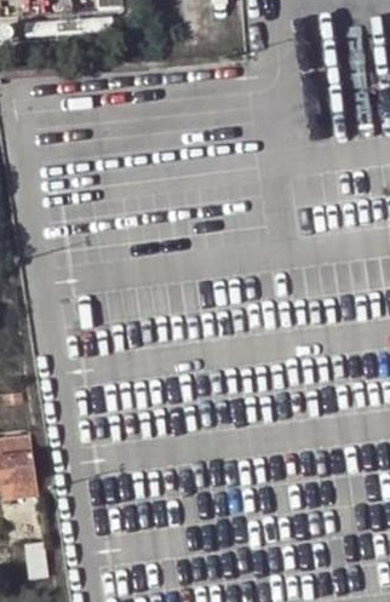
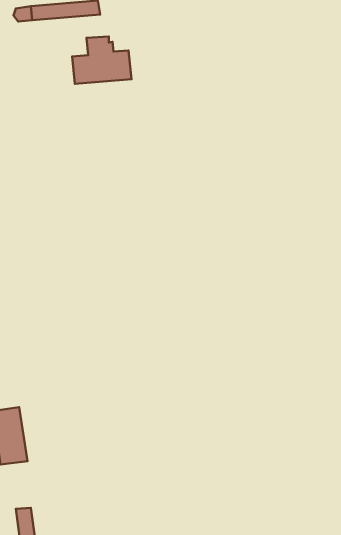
building: none -> [72,36,132,84]

